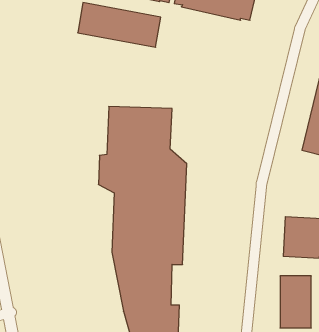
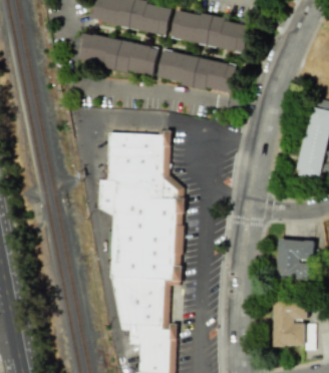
building: none -> [156,50,236,93]

